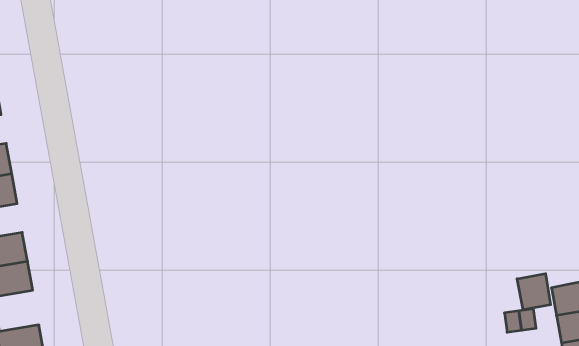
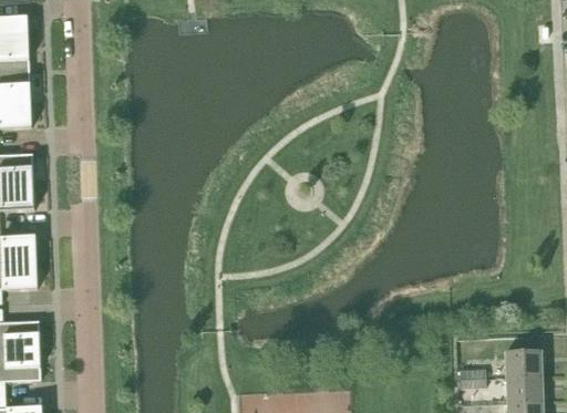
building: [517,274,551,310] -> none

